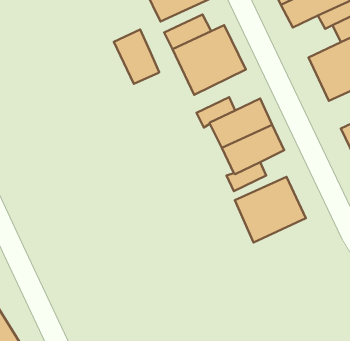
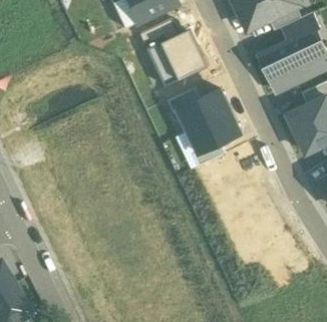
building: [114,29,159,84] -> none
building: [235,177,306,242] -> none

